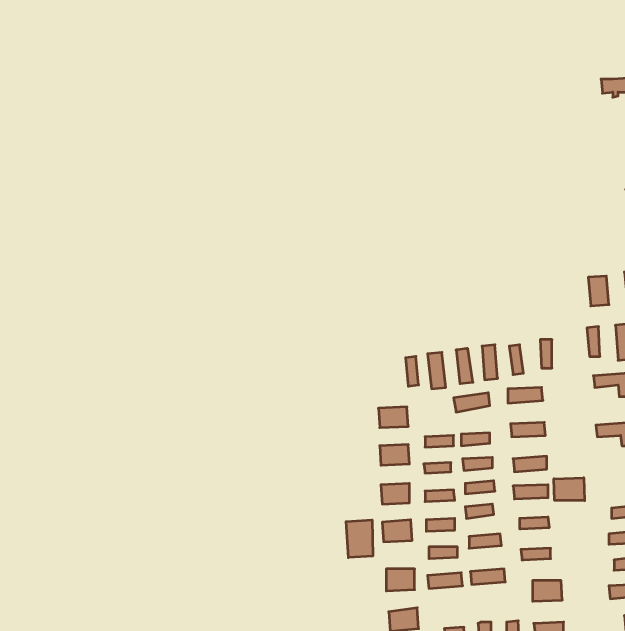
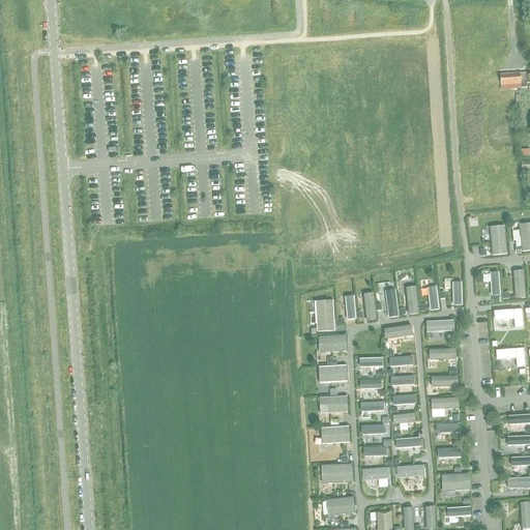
building: none -> [316,298,335,330]
building: [554,478,585,501] -> none
building: [346,520,373,558] -> none

